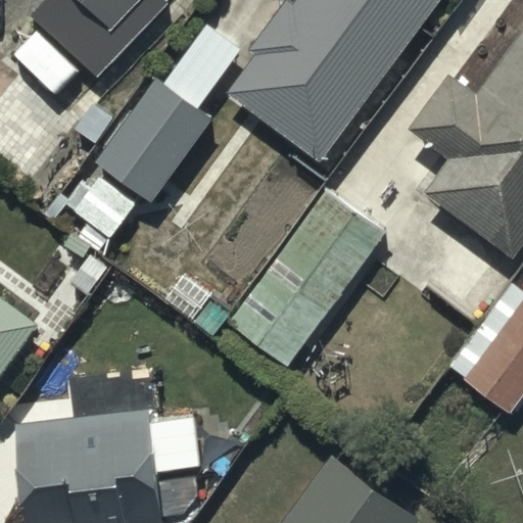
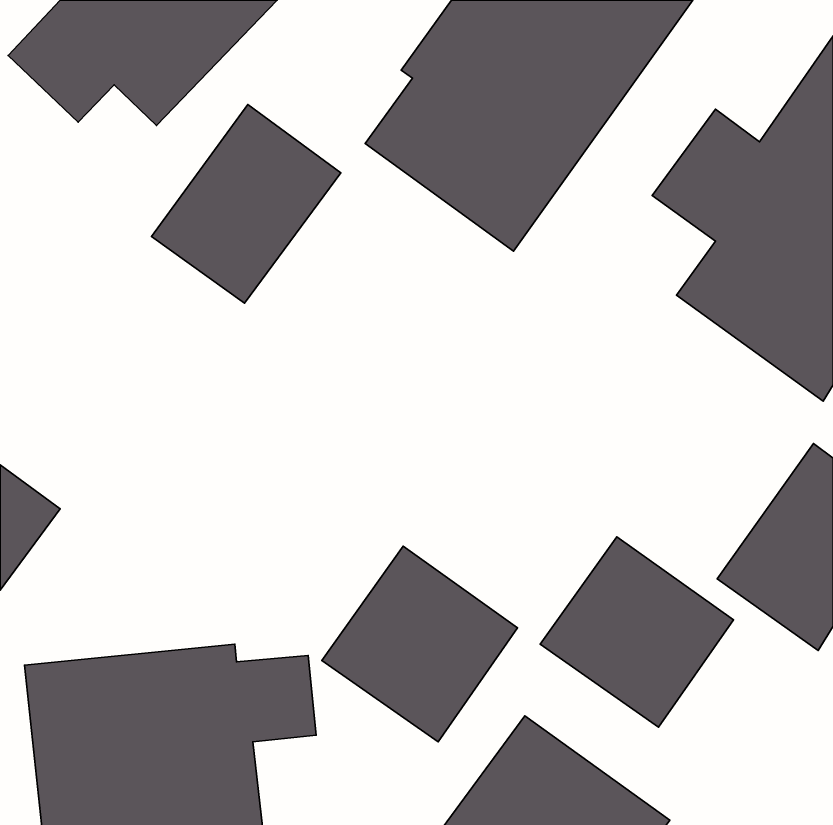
building: [229,190,383,368] -> none
building: none -> [540,537,734,727]
building: none -> [322,546,518,742]

